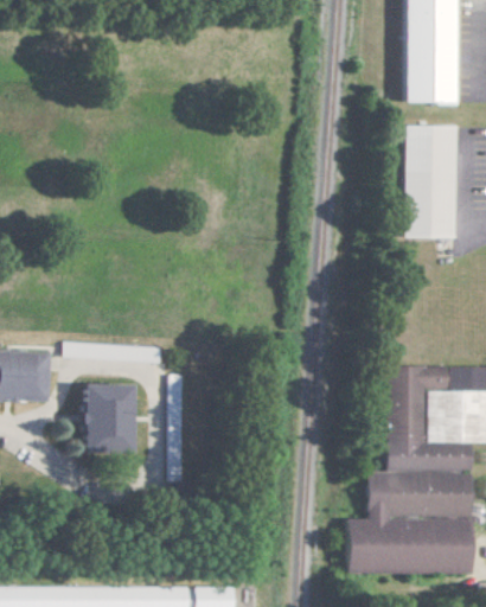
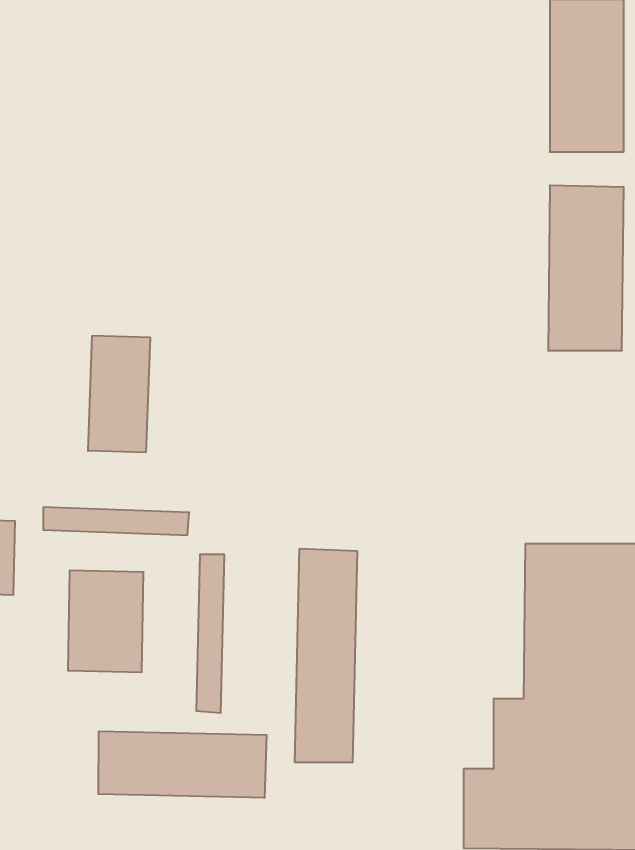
building: none -> [88,336,150,452]
building: none -> [295,549,357,763]
building: none -> [99,731,267,798]

